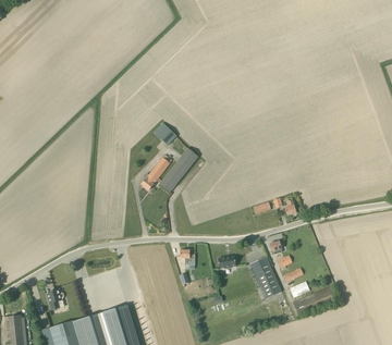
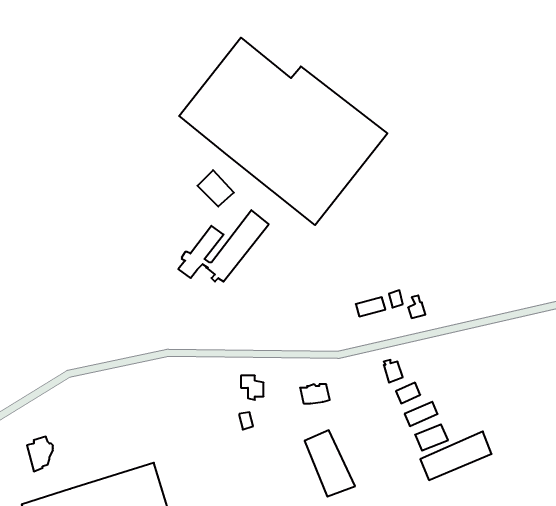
building: none -> [179,38,387,225]
building: [250,256,282,297] -> [305,430,355,497]

